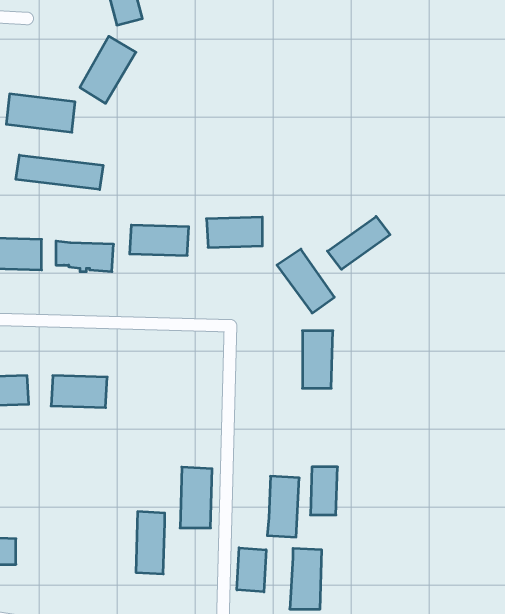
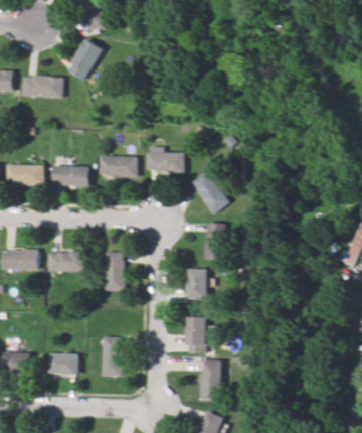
building: [16,155,103,190] -> none
building: [327,216,390,269] -> none
building: [310,467,338,515] -> [189,268,206,298]
building: [180,467,212,528] -> [105,251,125,289]
building: none -> [49,355,78,374]
building: [237,548,266,592] -> none

